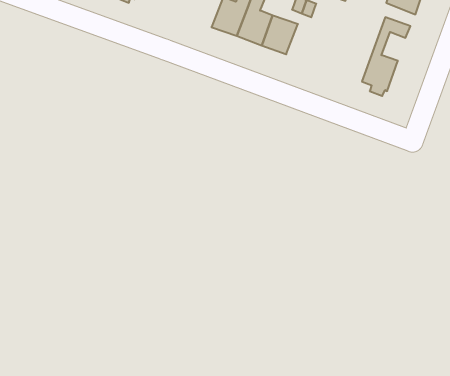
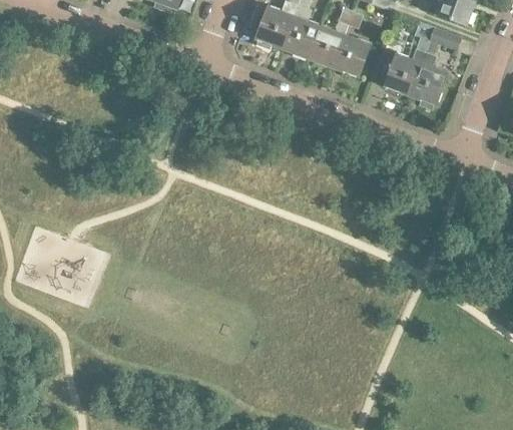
building: none -> [384,21,434,94]
building: none -> [332,35,370,75]

